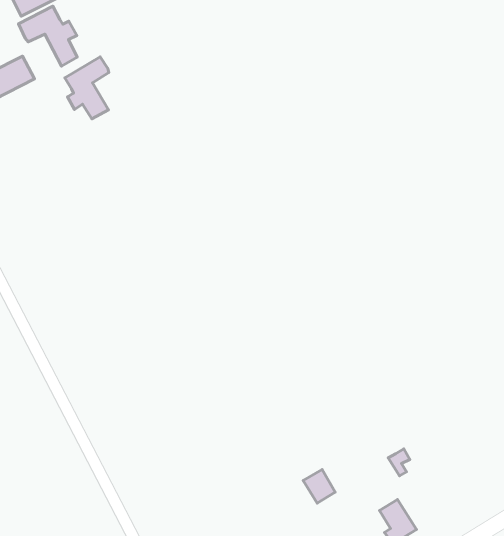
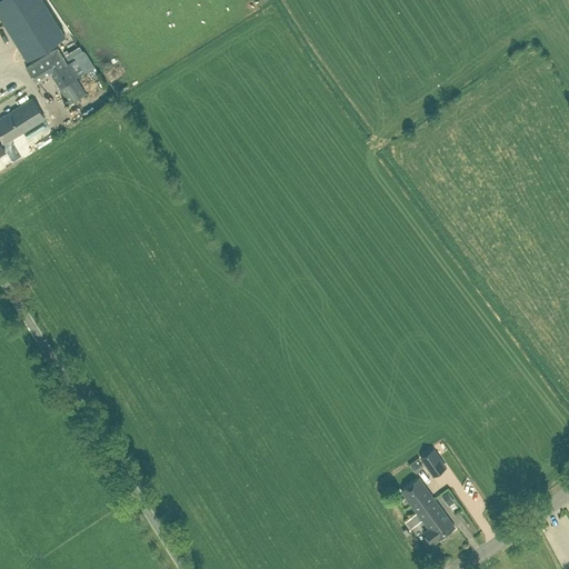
building: [65,57,109,119] -> none
building: [303,469,335,503] -> [400,479,432,512]

